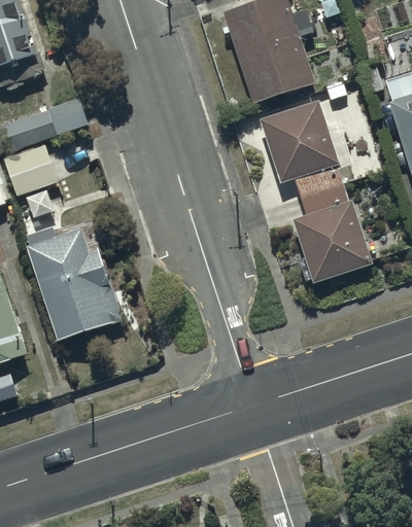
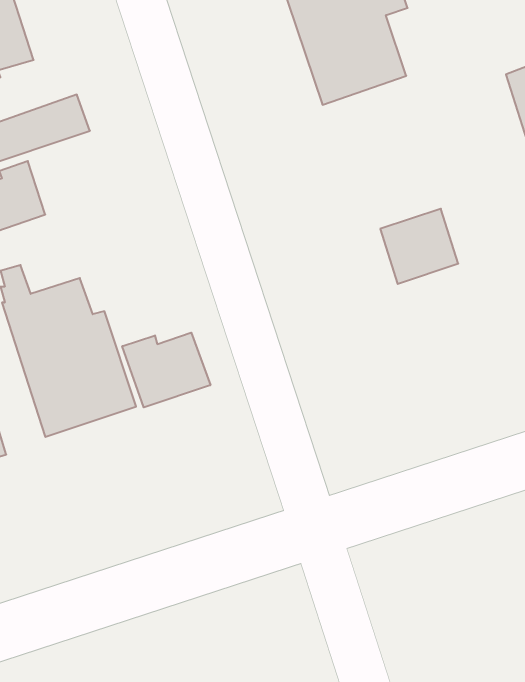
building: [261,115,339,197] -> none
building: [295,216,373,297] -> none
building: none -> [122,333,210,407]

